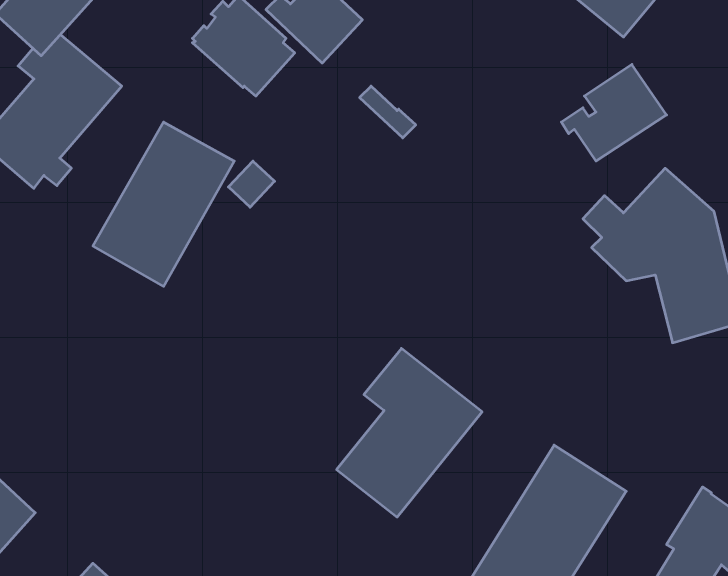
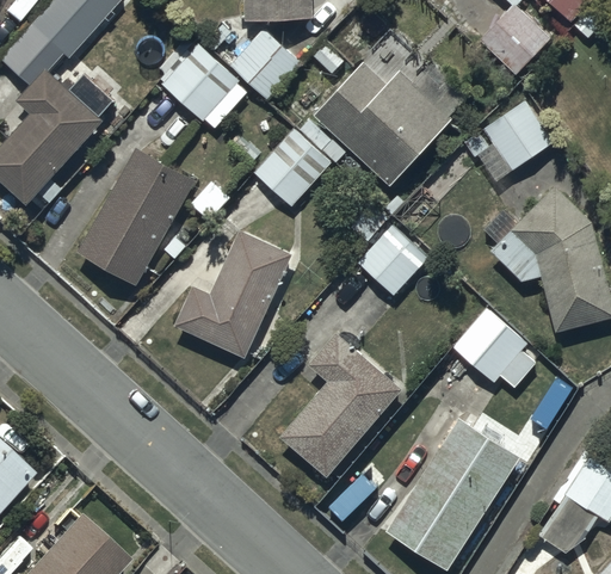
building: none -> [315,62,468,186]
building: none -> [254,129,333,206]
building: none -> [358,226,428,297]
building: none -> [172,232,291,358]
building: none -> [452,309,530,384]

